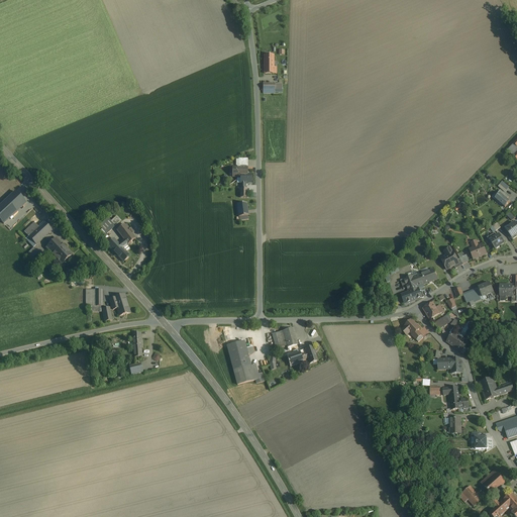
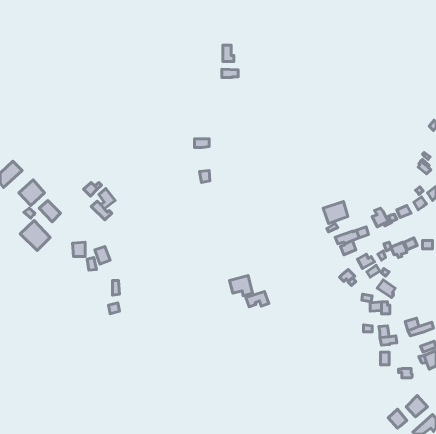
building: none -> [323,201,348,223]
building: none -> [20,221,50,251]
building: [226,340,265,384] -> none

